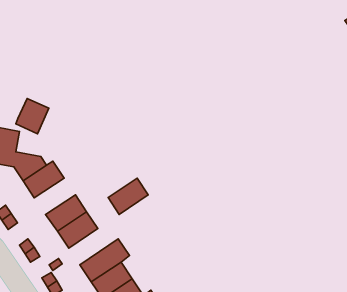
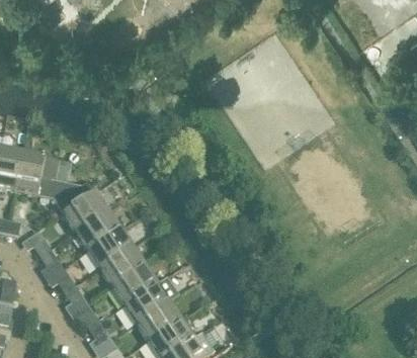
building: [16,98,49,134] -> none
building: [108,178,148,214] -> [112,264,156,303]
building: none -> [75,209,119,249]

